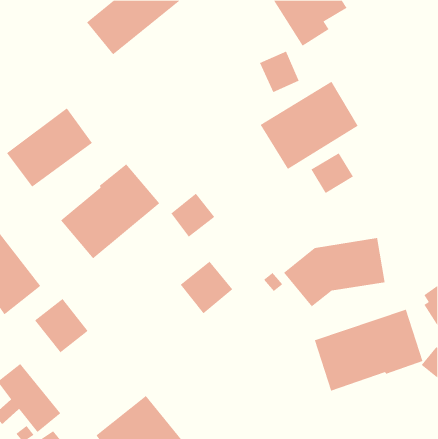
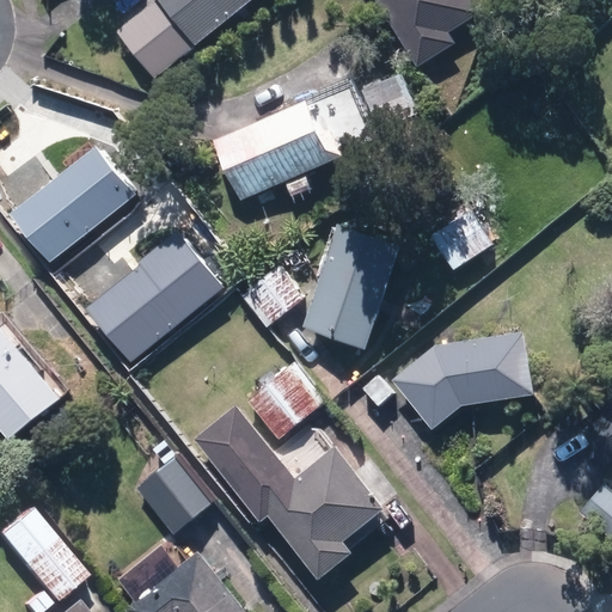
building: none -> [213,92,366,201]
building: [260,81,359,170] -> none
building: none -> [295,228,393,354]
building: none -> [195,406,385,579]
building: [34,298,89,353] -> [139,454,214,531]
building: [314,309,423,391] -> none

